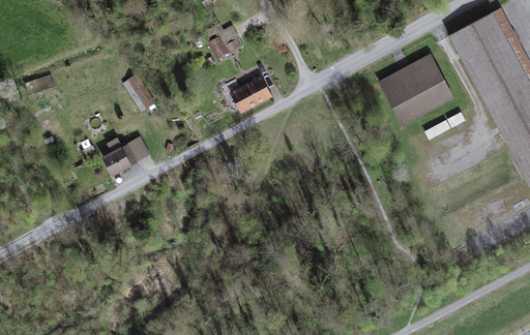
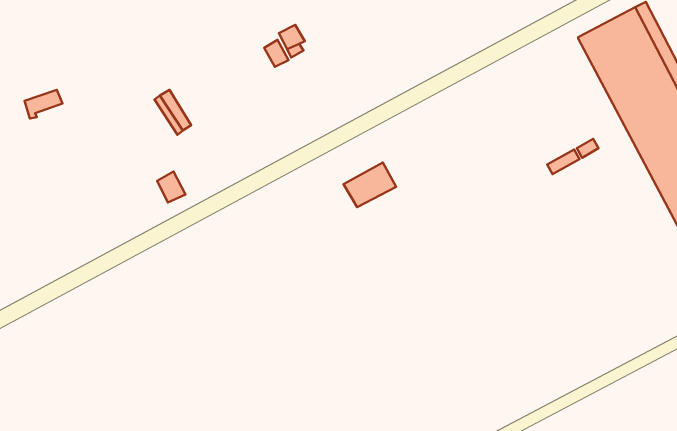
building: [381,55,451,122] -> none
building: [231,77,271,111] -> [343,162,396,207]
building: [104,138,136,173] -> none

